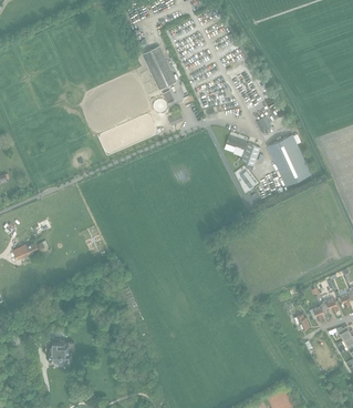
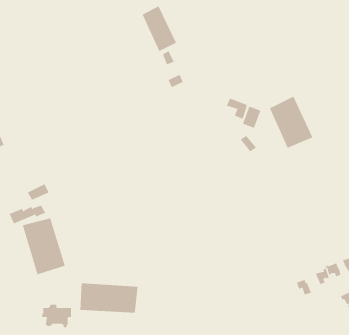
building: none -> [22,218,66,275]
building: none -> [80,282,138,314]

